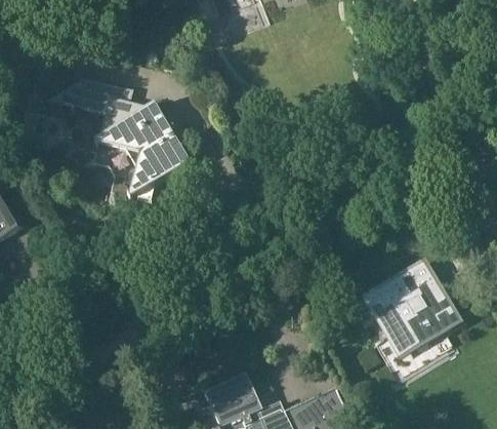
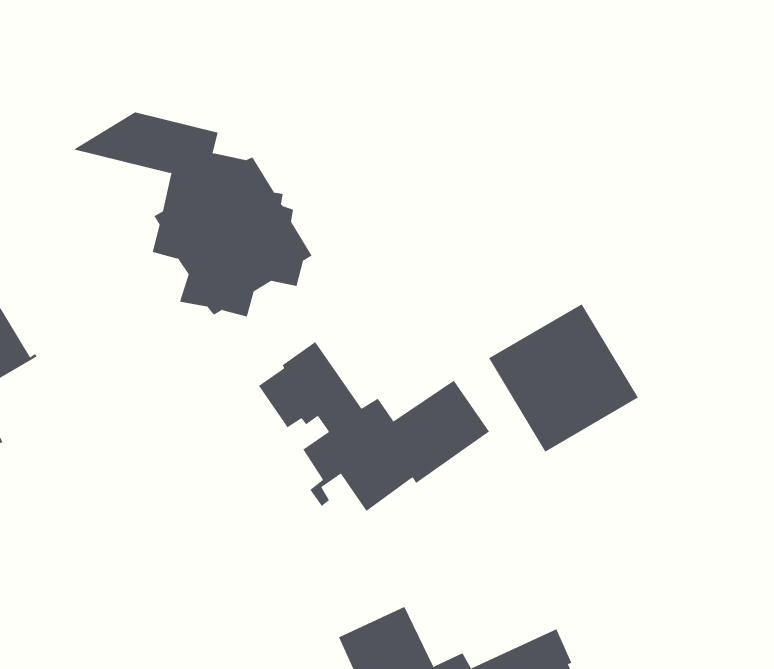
building: none -> [258,341,490,512]
building: [368,265,458,354] -> [488,304,639,452]

